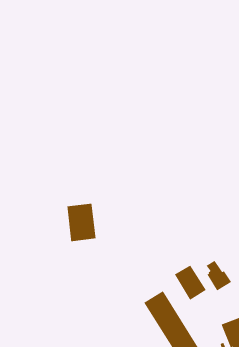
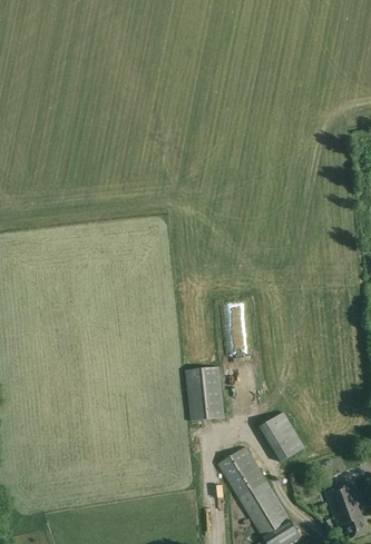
building: [67,203,96,242] -> [185,367,226,422]
building: [206,260,232,292] -> none

